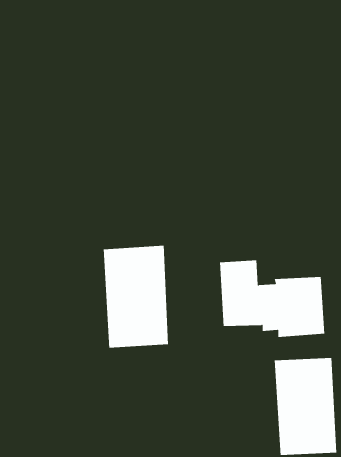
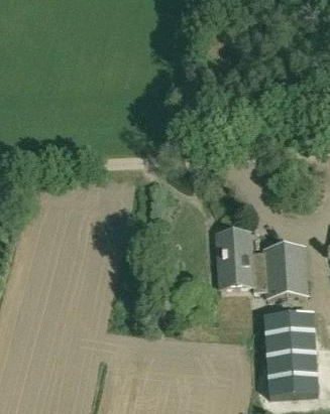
building: [103,245,169,349] -> none

